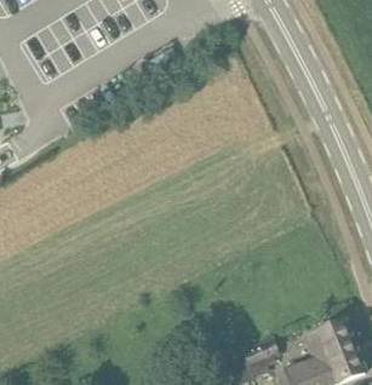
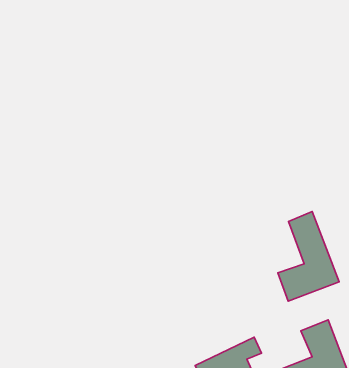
building: none -> [278,211,339,301]

